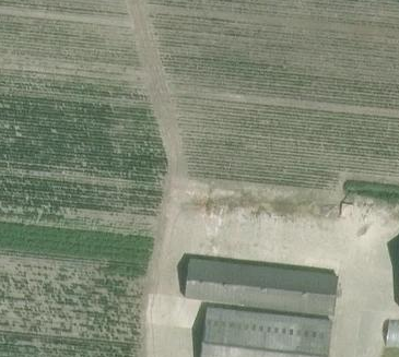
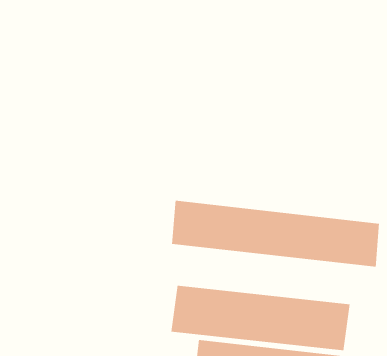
building: none -> [172,200,380,268]

